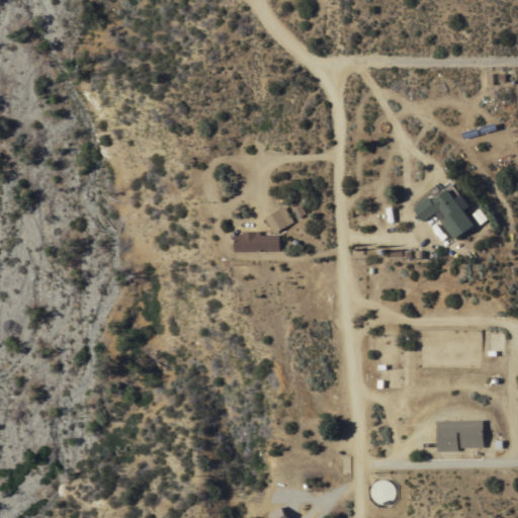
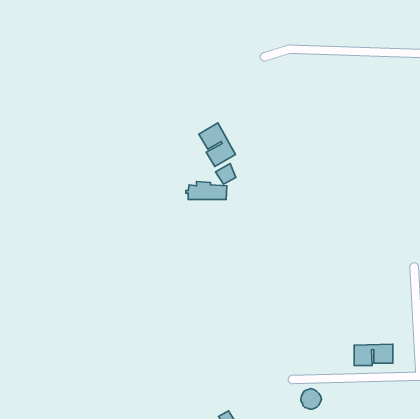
building: none -> [199,123,235,167]
building: [413,189,473,240] -> none

